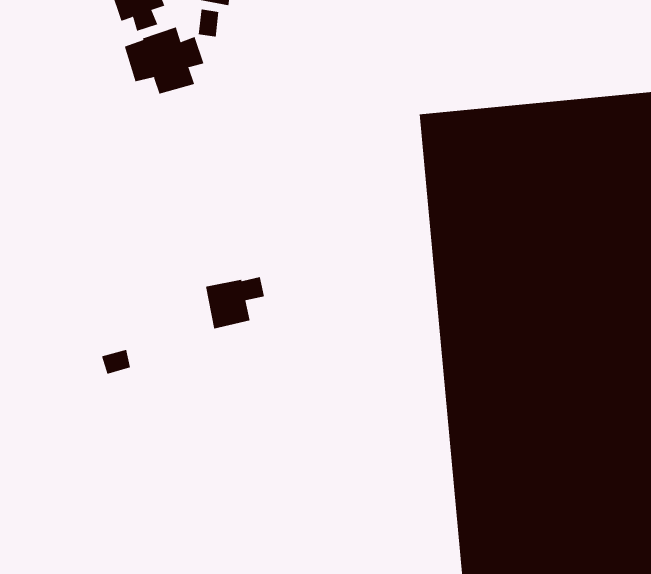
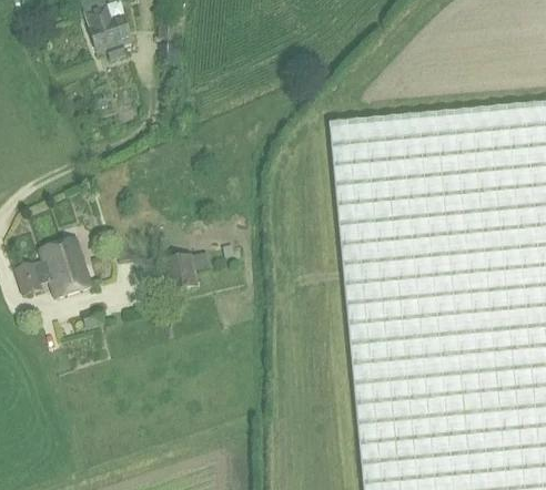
building: [124,26,204,94] -> none
building: none -> [13,236,92,297]

